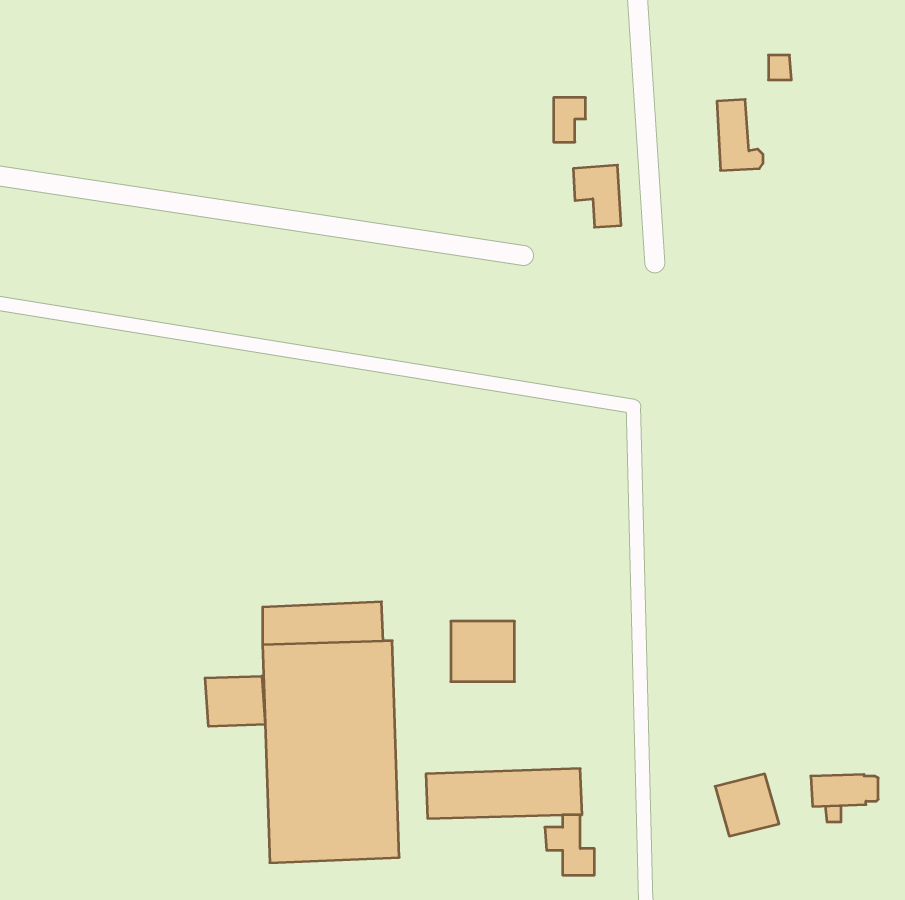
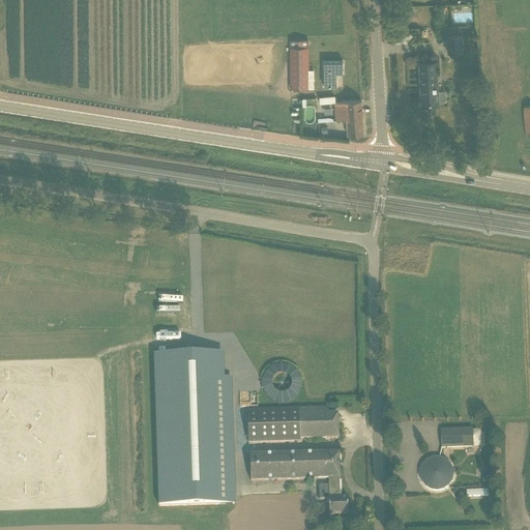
building: none -> [289,36,307,86]
building: [205,676,265,726] -> none
building: none -> [236,403,337,440]
building: [811,774,878,806] -> [440,425,479,444]

